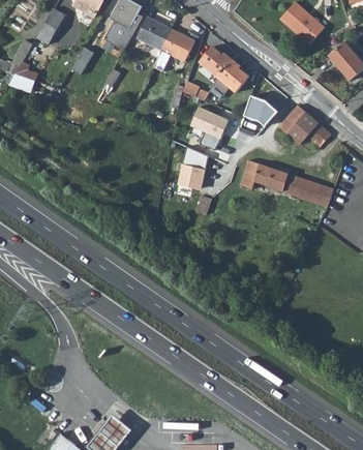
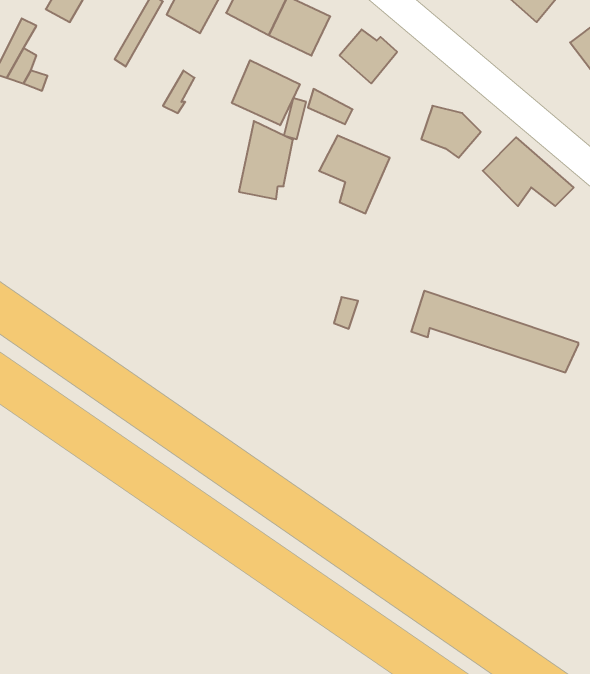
building: [218,60,249,92] -> none
building: none -> [232,60,300,125]
building: [177,146,207,189] -> [239,121,293,199]
building: [241,160,334,206] -> [411,291,578,372]

